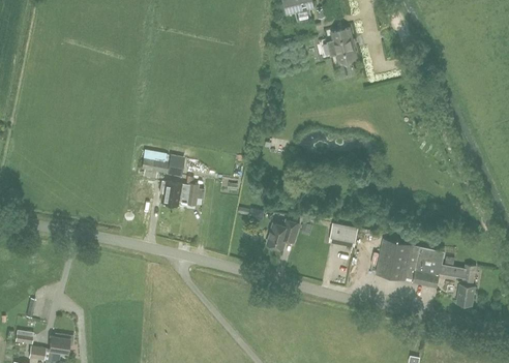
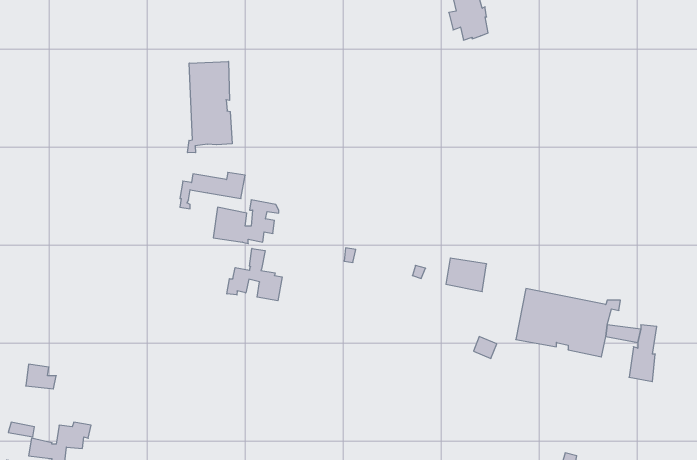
building: none -> [188,61,232,153]
building: none -> [227,248,282,301]
building: [267,219,299,249] -> none

